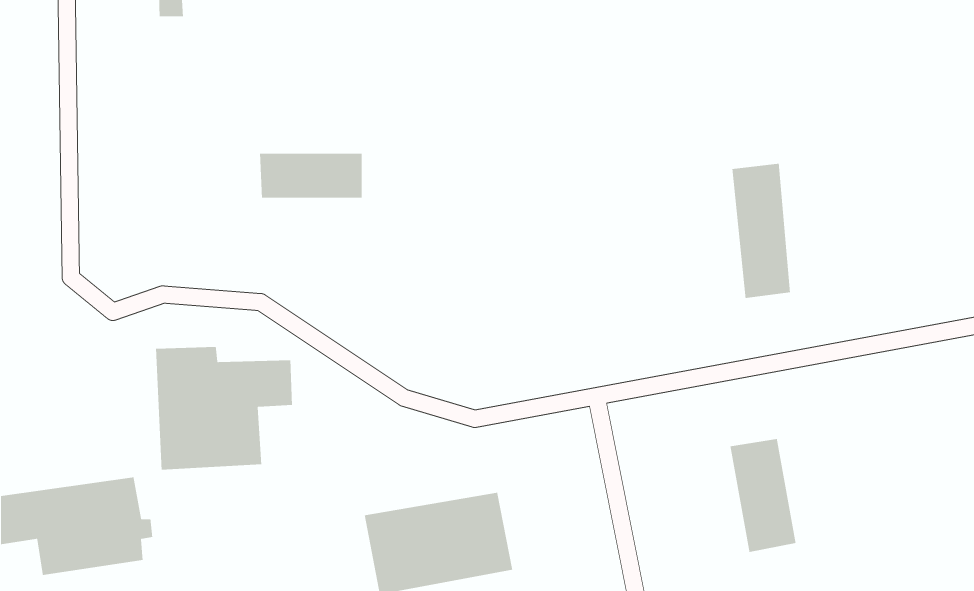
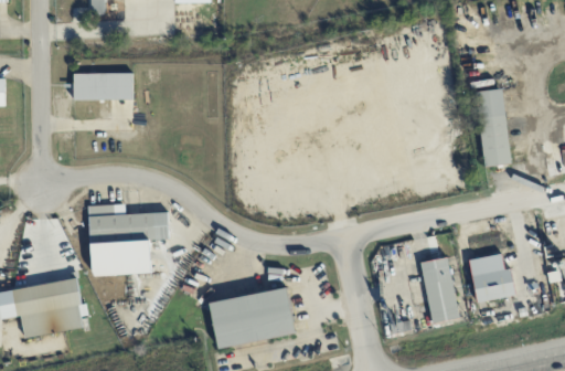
building: [259,153,363,199] -> [73,73,132,99]
building: [731,163,791,299] -> [476,88,510,167]
building: none -> [469,254,515,303]

